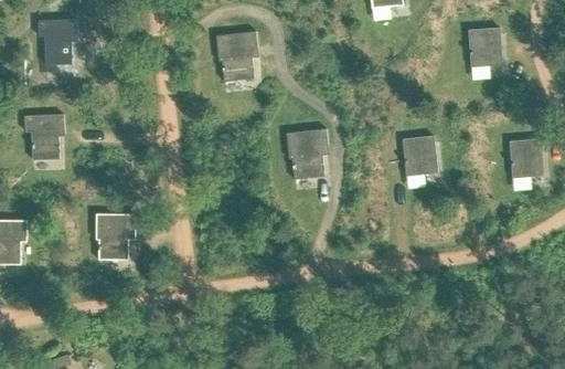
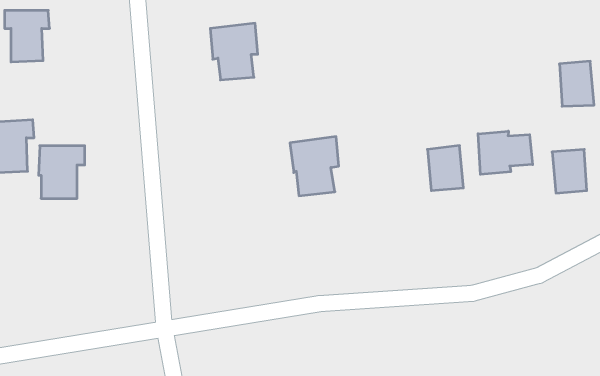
building: [469,29,499,67] -> [559,61,594,106]
building: none -> [478,131,533,174]
building: [96,214,136,260] -> [39,146,85,198]

